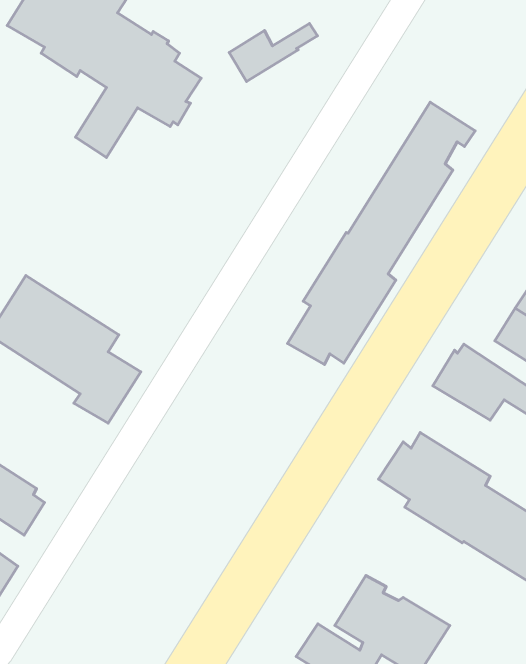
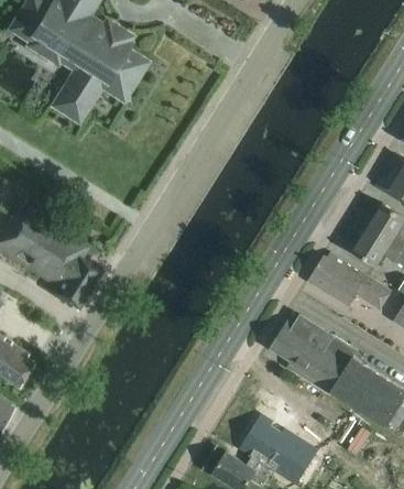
building: [229,24,317,81] -> none
building: [288,102,475,365] -> none

